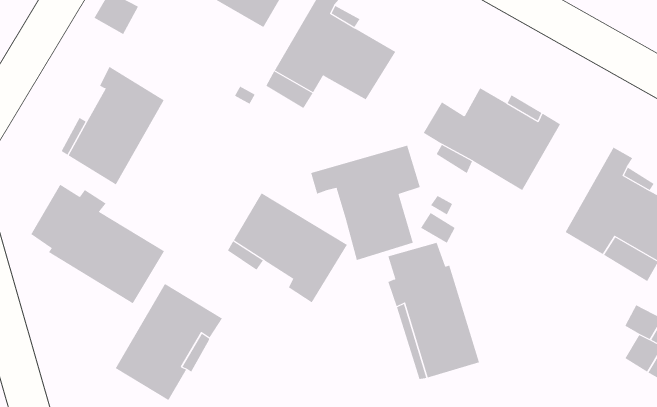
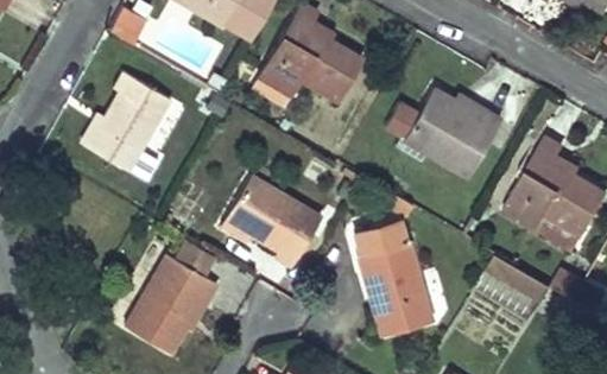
building: [311,145,420,261] -> none
building: [30,184,165,304] -> none
building: none -> [474,254,549,323]

